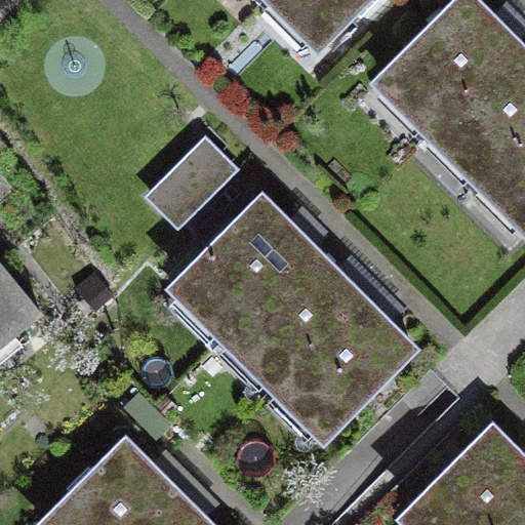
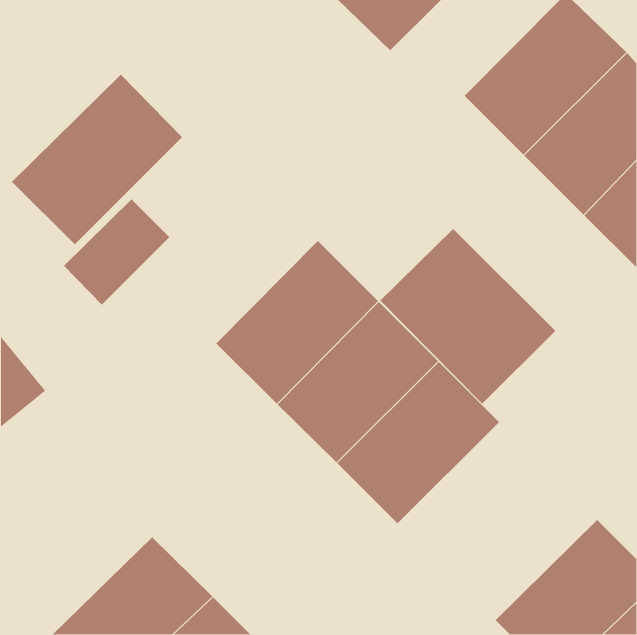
building: none -> [11,74,183,245]
building: [148,151,236,239] -> [63,199,170,306]
building: none -> [380,228,556,405]

